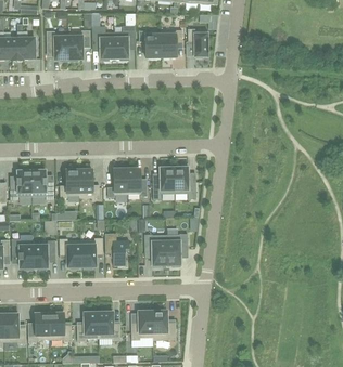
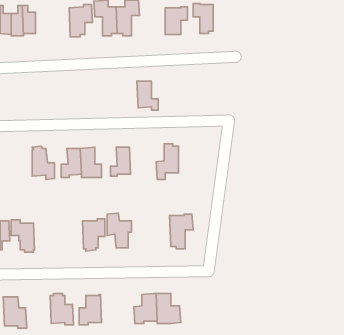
building: [46,29,68,60] -> none
building: [139,31,161,57] -> none
building: [174,163,196,197] -> none
building: [10,167,31,198] -> none
building: [126,167,147,195] -> [137,81,158,110]
building: [143,233,166,265] -> none
building: [59,236,81,267] -> none
building: [33,238,54,267] -> none
building: [27,309,50,340] -> none
building: [98,310,120,339] -> none

